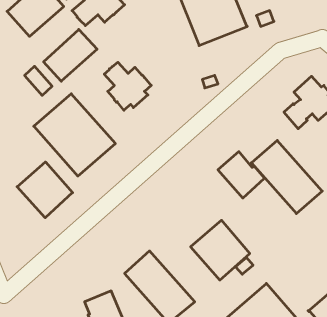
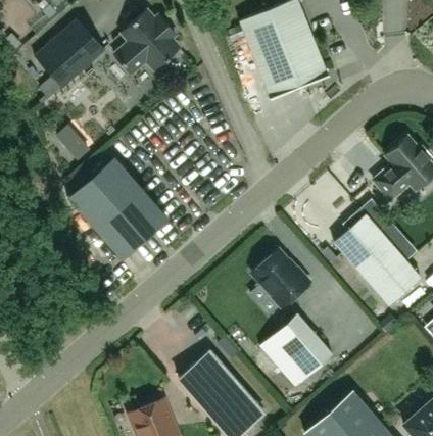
building: [44,29,97,81] -> none
building: [104,62,151,110] -> none
building: [218,152,265,198] -> [252,249,309,306]
building: [17,162,73,218] -> none

